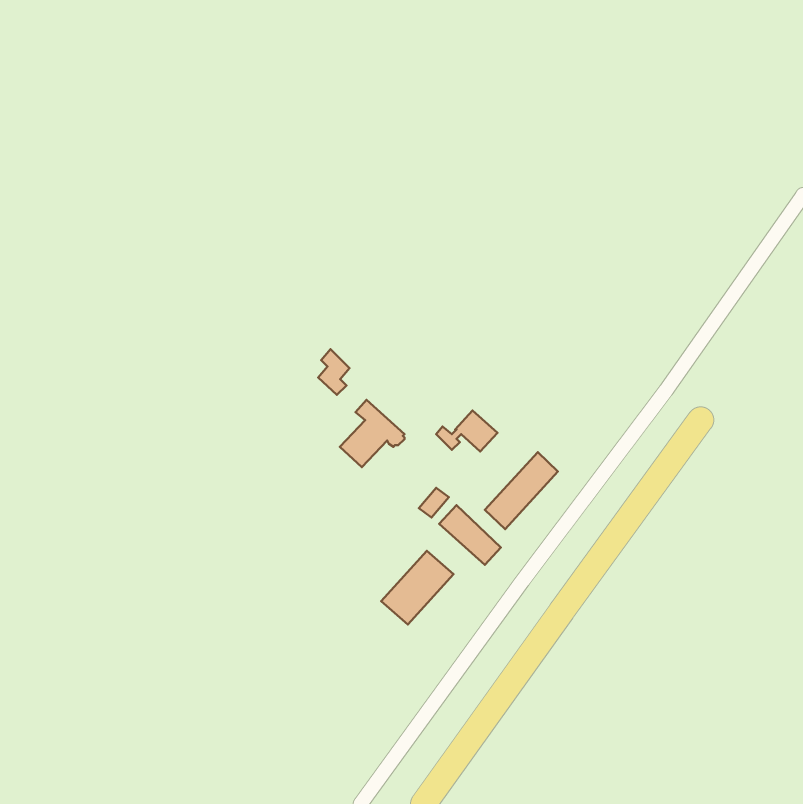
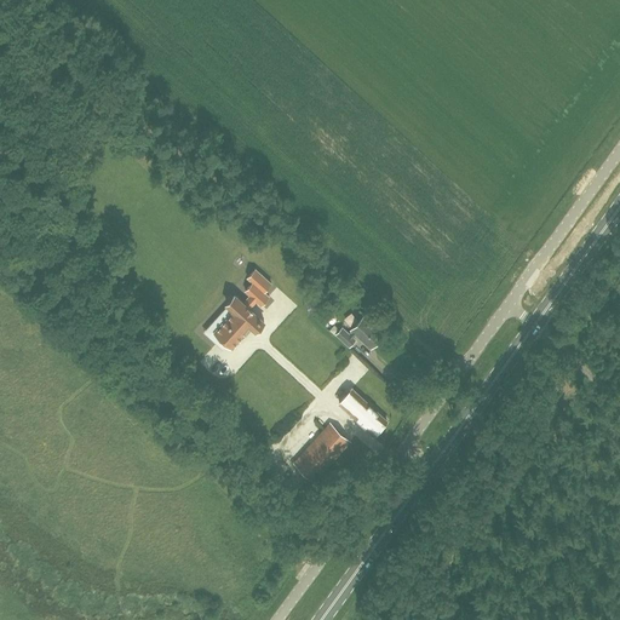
building: [340,400,404,467] -> [213,294,263,346]
building: [485,452,558,529] -> none

